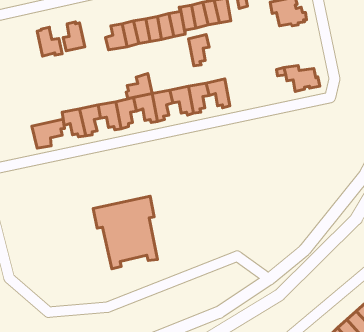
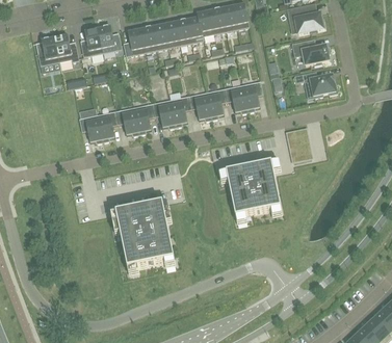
building: none -> [97,25,122,52]
building: none -> [37,36,59,64]
building: none -> [291,39,330,64]
building: [189,35,209,66] -> [242,80,263,111]
building: [126,74,152,99] -> none
building: [32,119,64,148] -> none
building: none -> [218,160,282,223]

